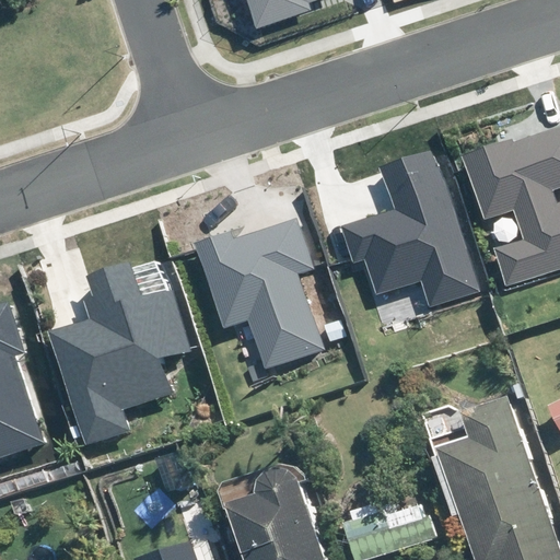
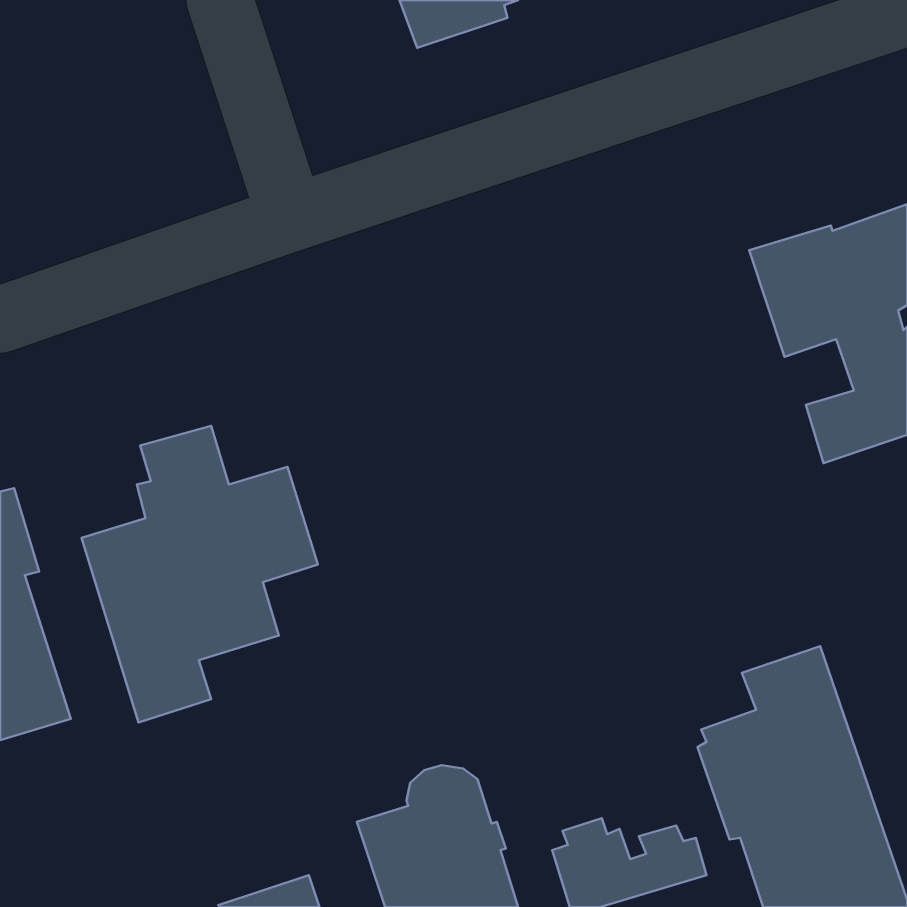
building: [339,149,486,308] -> none
building: [195,219,325,370] -> none

